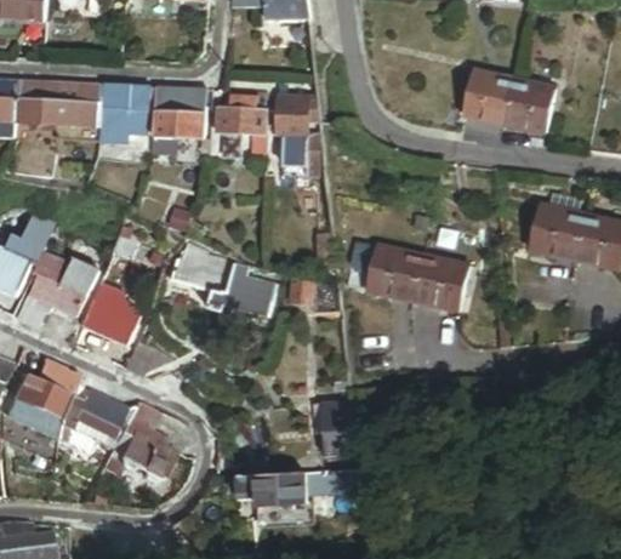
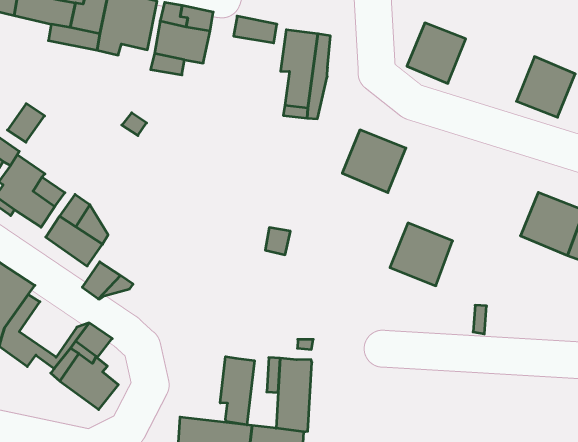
building: [461,69,512,122] -> [407,23,466,83]
building: [213,105,264,158] -> none
building: [364,245,420,300] -> [342,130,406,193]
building: [175,255,275,315] -> none
building: [72,388,125,438] -> none
building: none -> [220,357,254,425]

